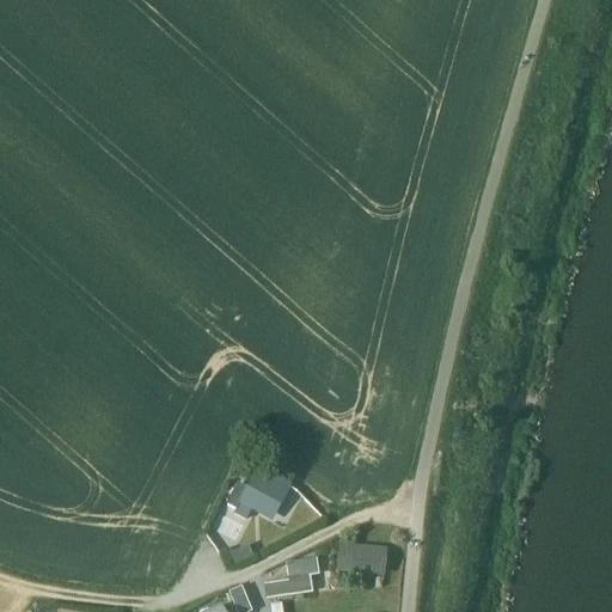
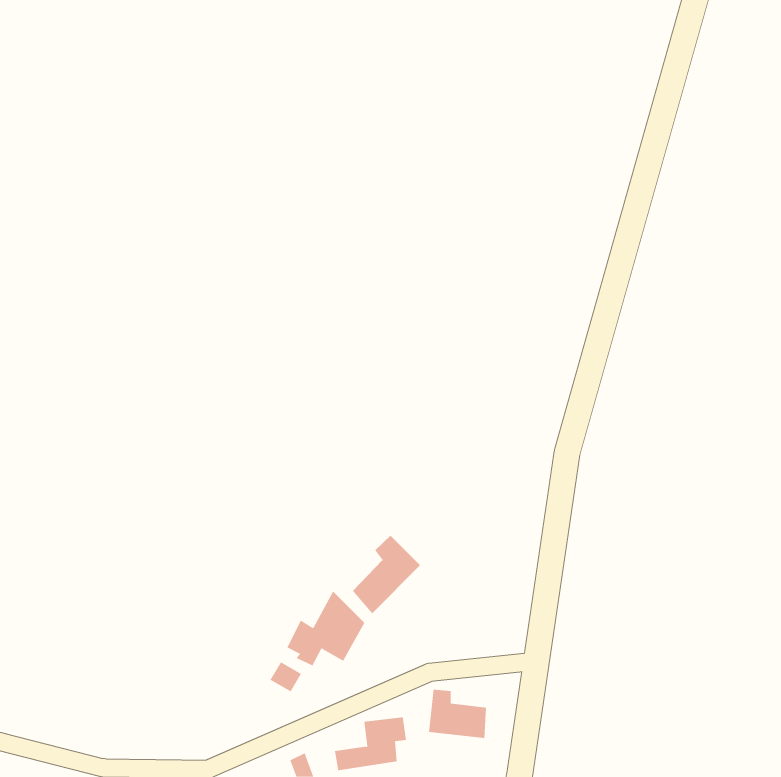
building: none -> [352,535,421,614]

